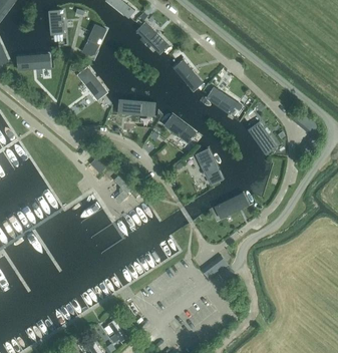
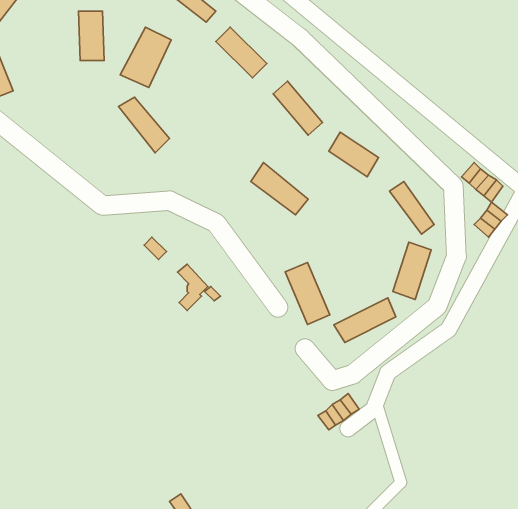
building: [19,54,54,72] -> none
building: [117,94,155,115] -> none
building: [196,143,224,183] -> [285,262,330,324]

